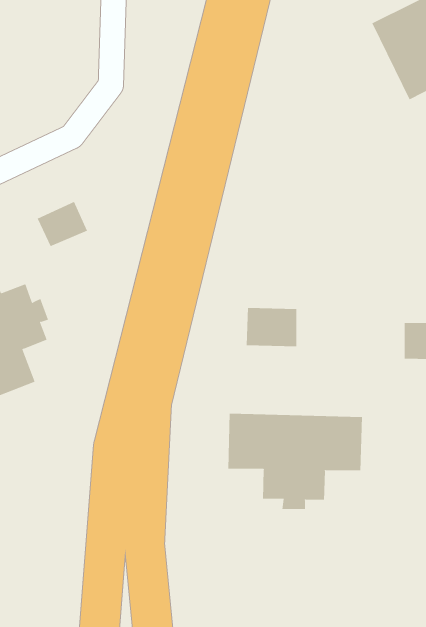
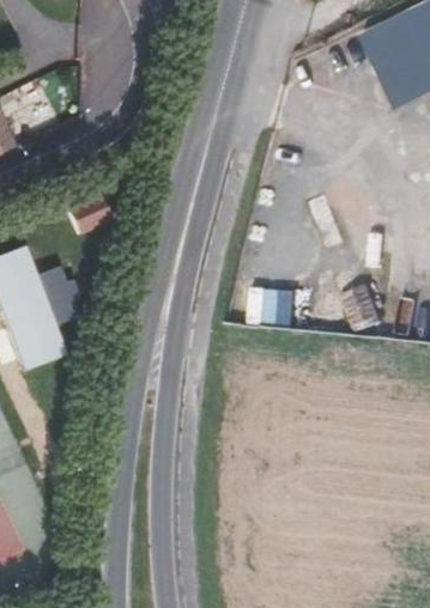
building: [228,413,362,510] -> none

